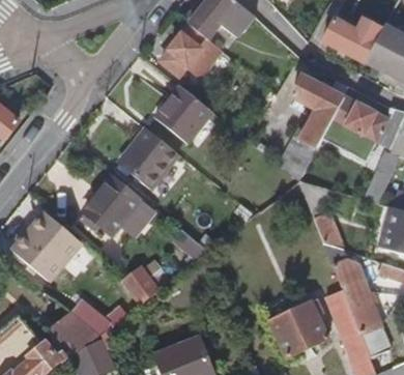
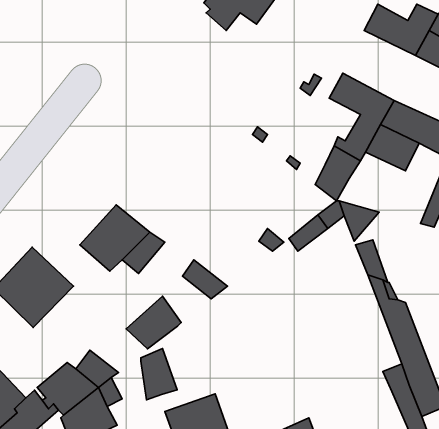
building: [162,24,221,74] -> none
building: [153,85,212,142] -> none
building: [118,127,178,188] -> none
building: [272,299,328,353] -> none
building: none -> [141,348,177,400]

